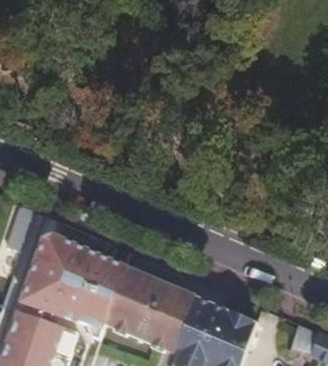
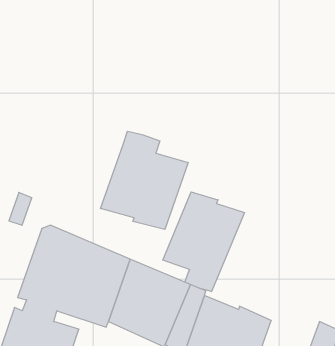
building: none -> [101,131,188,229]
building: none -> [163,192,244,292]

